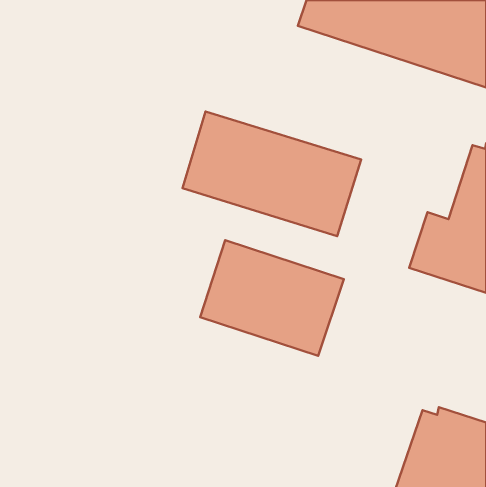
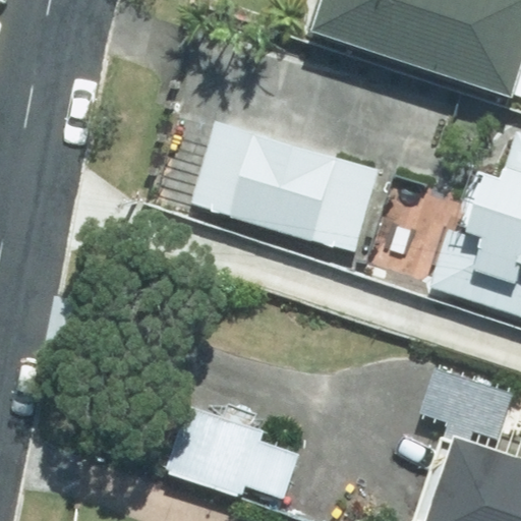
building: [200,240,344,356] -> none
building: none -> [169,406,300,497]

